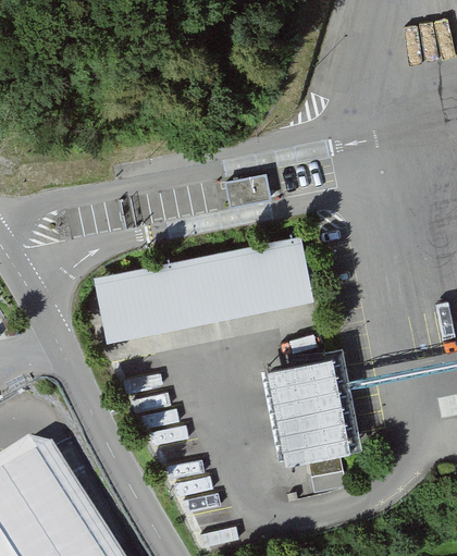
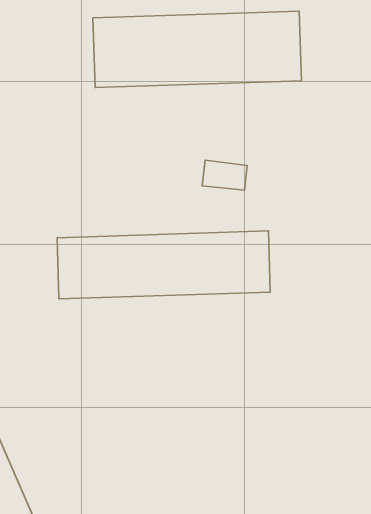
building: none -> [93,11,302,87]
building: [265,355,361,464] -> none

